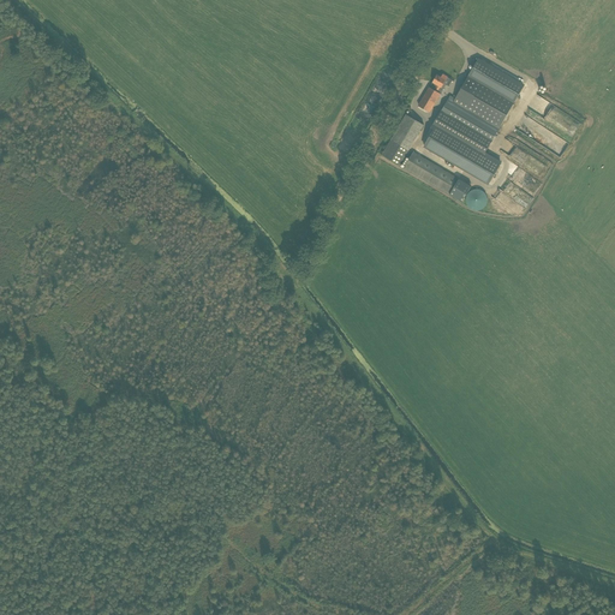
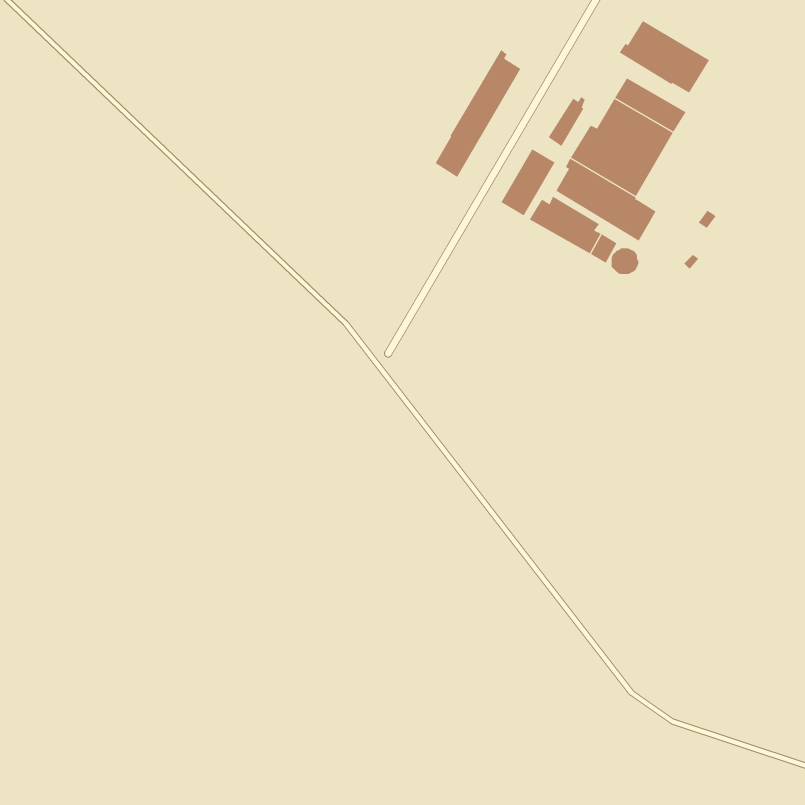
building: none -> [619,20,710,93]
building: none -> [435,49,521,178]

